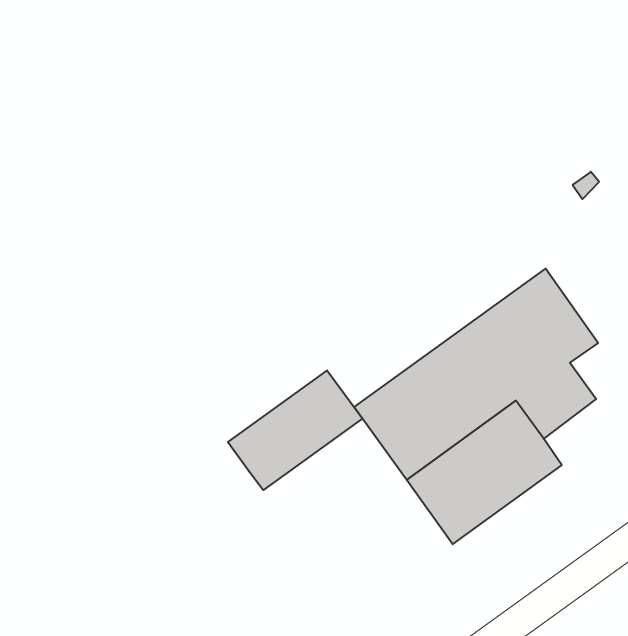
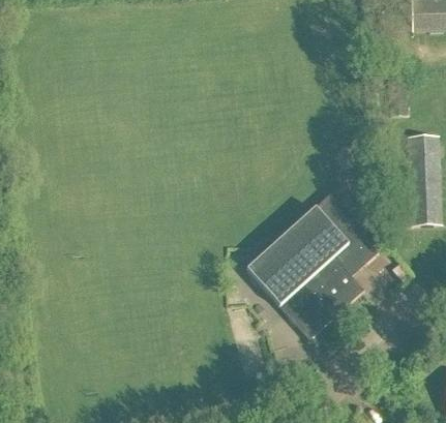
building: [228,370,362,490] -> none

